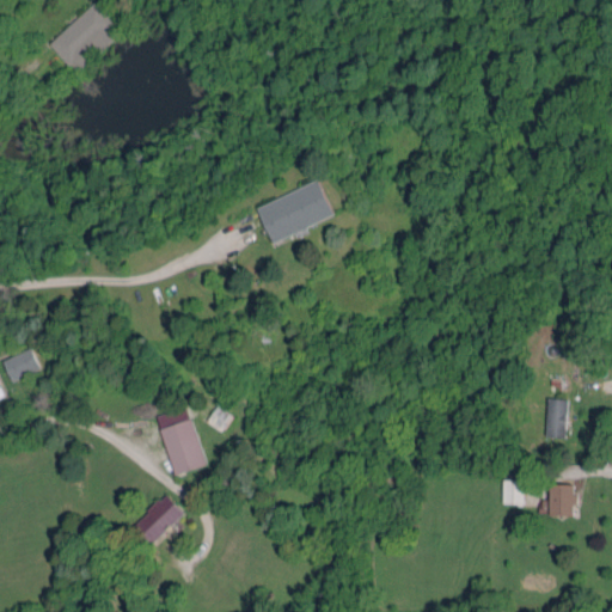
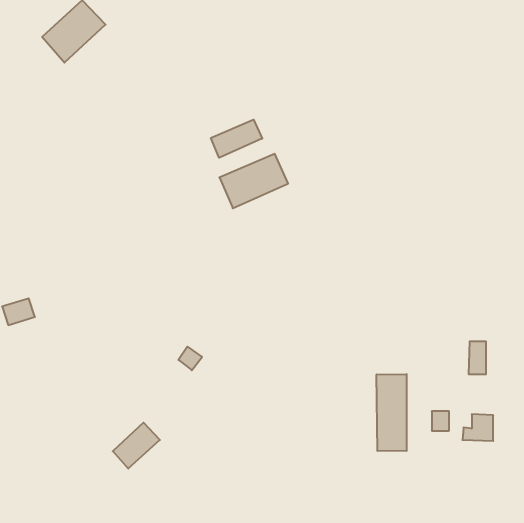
building: none -> [211,120,262,158]
building: [157,406,207,476] -> none
building: none -> [377,374,407,451]

